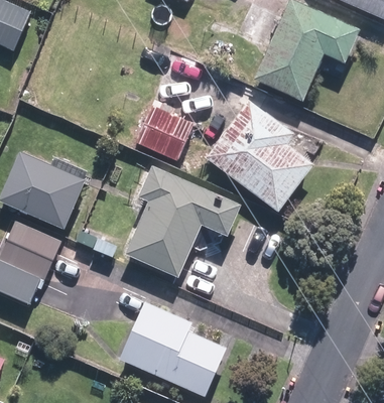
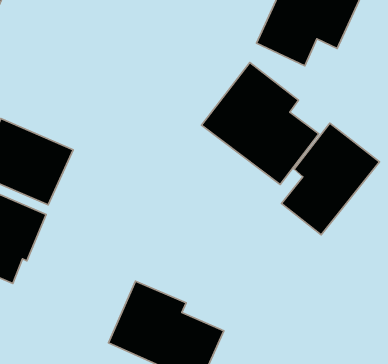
building: [141,108,193,162] -> none
building: none -> [281,123,380,235]
building: [127,163,243,276] -> none

